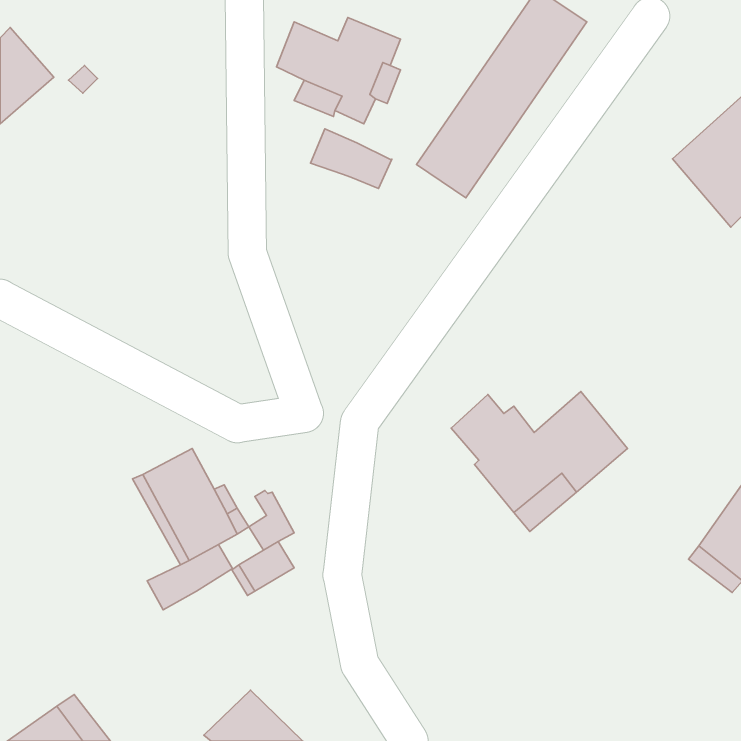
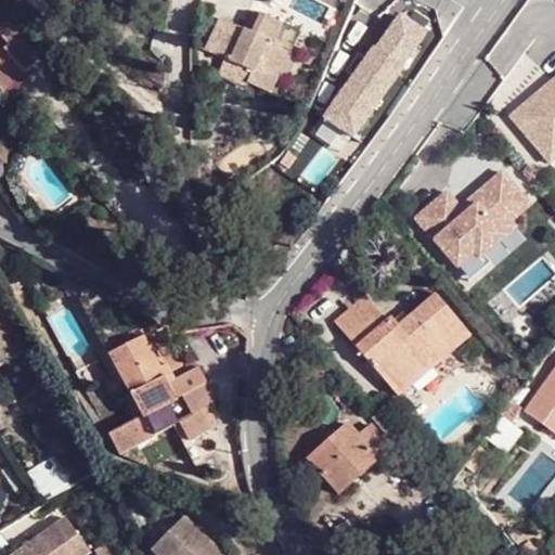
building: [311,129,392,189] -> none
building: none -> [410,167,535,274]
building: none -> [307,421,393,493]

